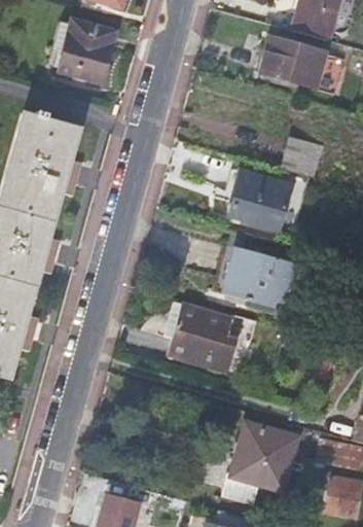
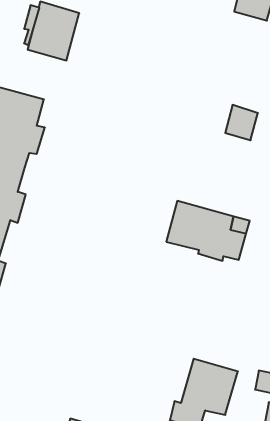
building: [259,35,326,89] -> none
building: [229,170,293,229] -> none
building: [167,302,237,371] -> none

